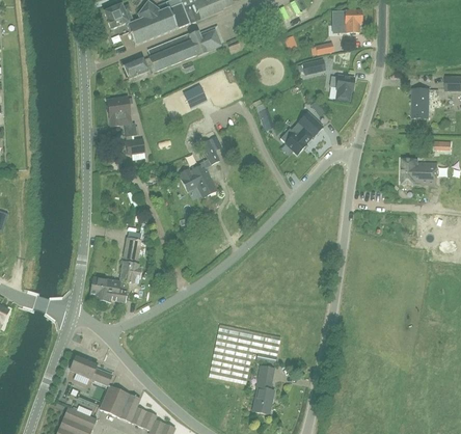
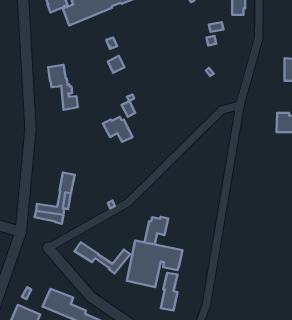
building: [123,30,220,79] -> none
building: [330,76,354,101] -> none
building: [280,112,323,155] -> none
building: none -> [145,217,168,244]
building: none -> [74,242,130,274]
building: [70,354,111,385] -> none

